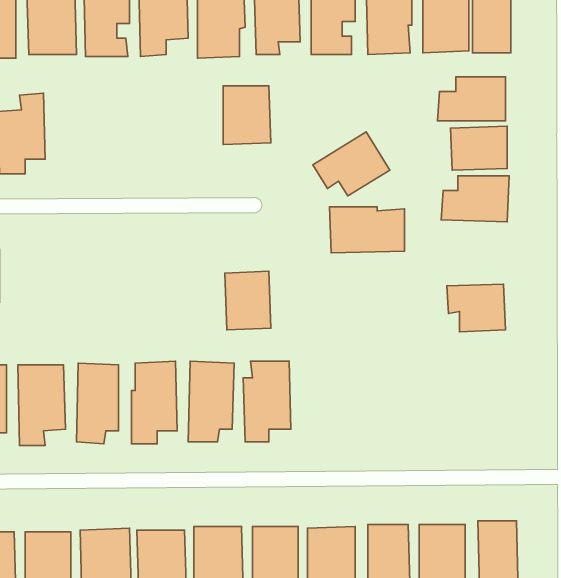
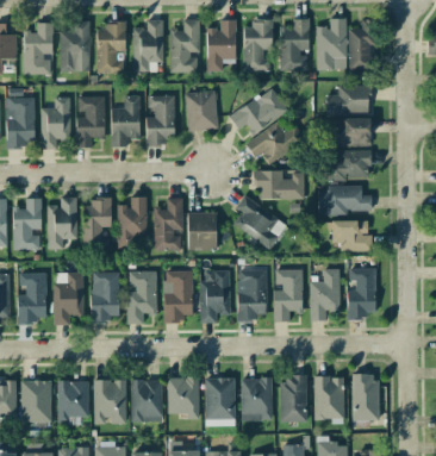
building: none -> [229,87,287,136]
building: none -> [110,95,139,148]
building: none -> [145,95,175,145]
building: none -> [75,96,105,148]
building: none -> [318,187,372,213]
building: none -> [233,194,279,250]
building: none -> [46,196,76,249]
building: none -> [82,196,111,249]
building: none -> [117,196,148,248]
building: none -> [152,198,182,250]
building: none -> [237,267,266,321]
building: none -> [309,268,341,320]
building: none -> [347,268,376,317]
building: none -> [273,269,303,321]

